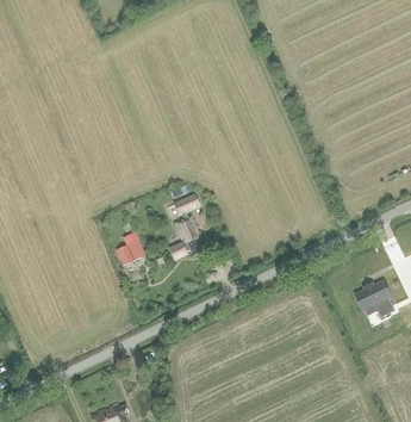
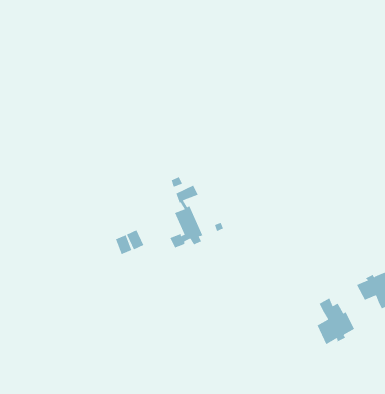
building: none -> [317,297,355,345]

